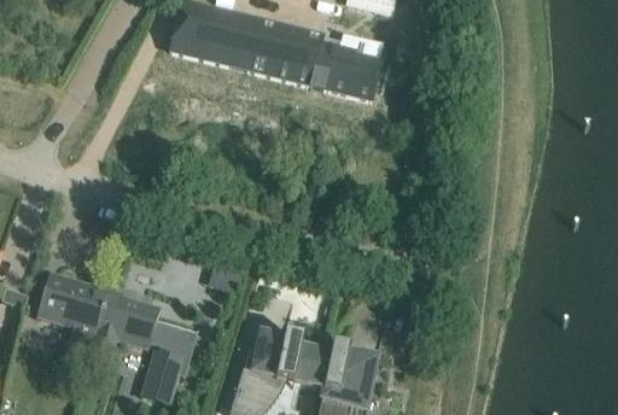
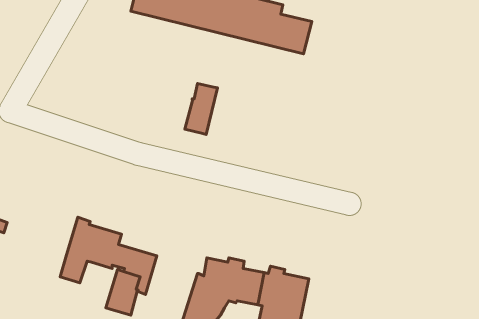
building: none -> [185,84,218,134]
building: [37,271,110,332] -> none

